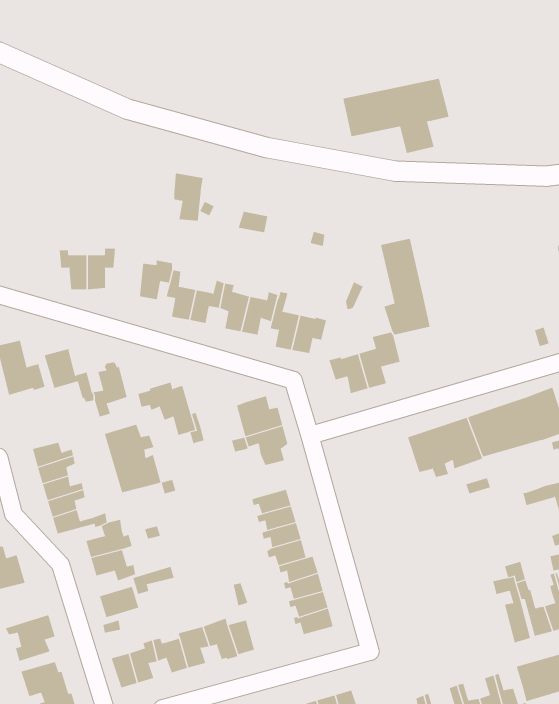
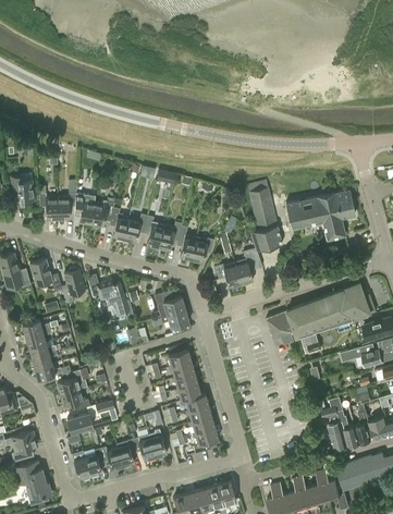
building: [342,78,450,154] -> [285,191,355,240]
building: [173,173,203,221] -> [75,194,95,225]
building: none -> [11,178,34,204]
building: [104,424,161,493] -> none

